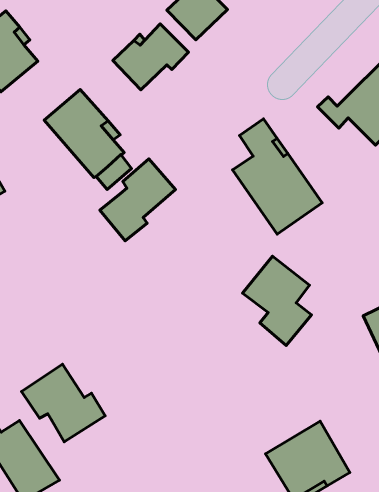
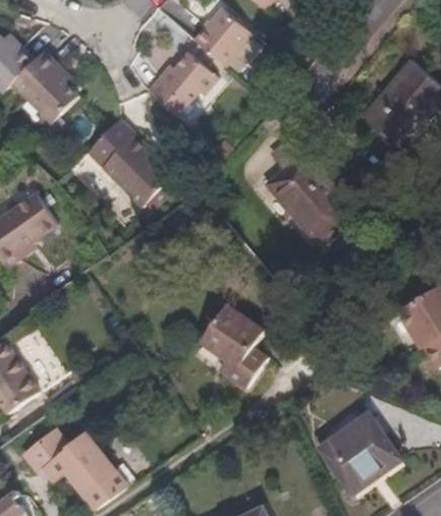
building: [100,159,176,241] -> none
building: [243,256,311,345] -> [202,305,268,388]
building: [22,364,105,442] -> none

